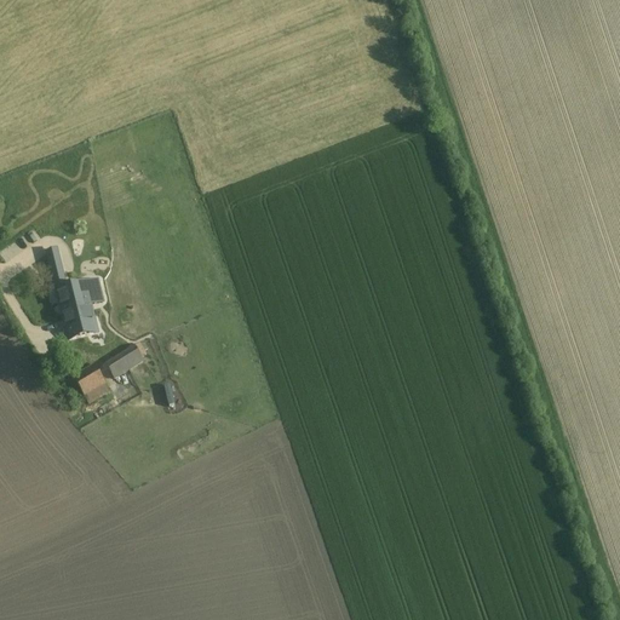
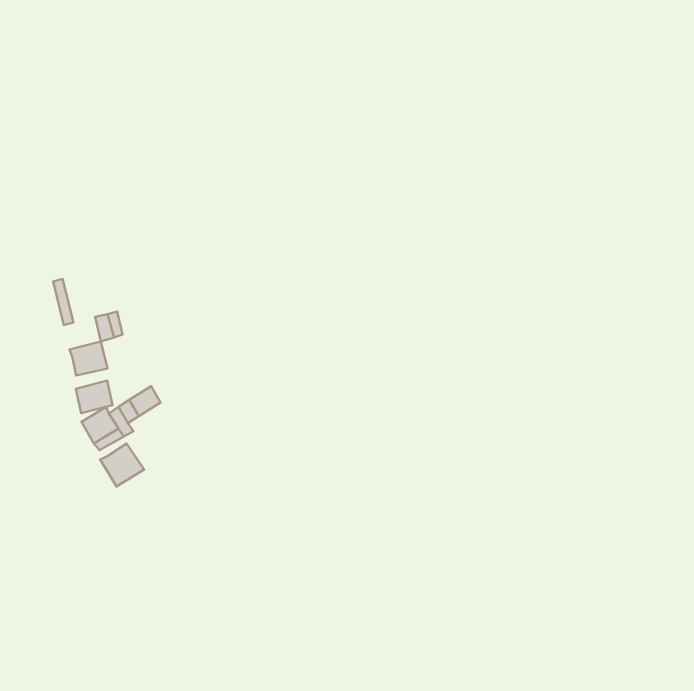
building: [58,282,91,311] -> [76,381,113,413]
building: none -> [100,443,144,487]

